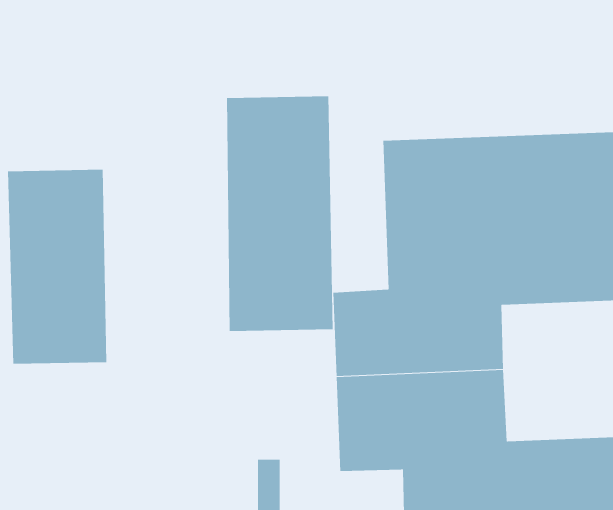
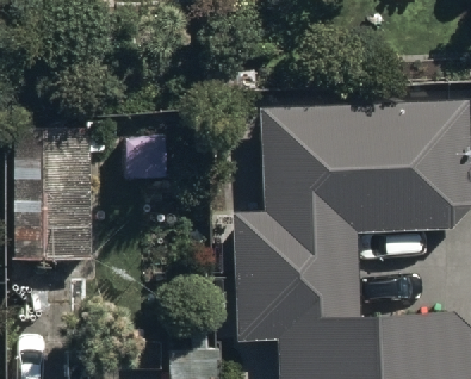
building: [227,95,333,332] -> none

